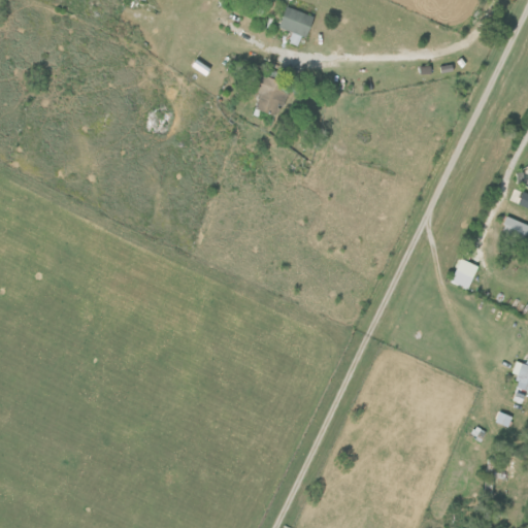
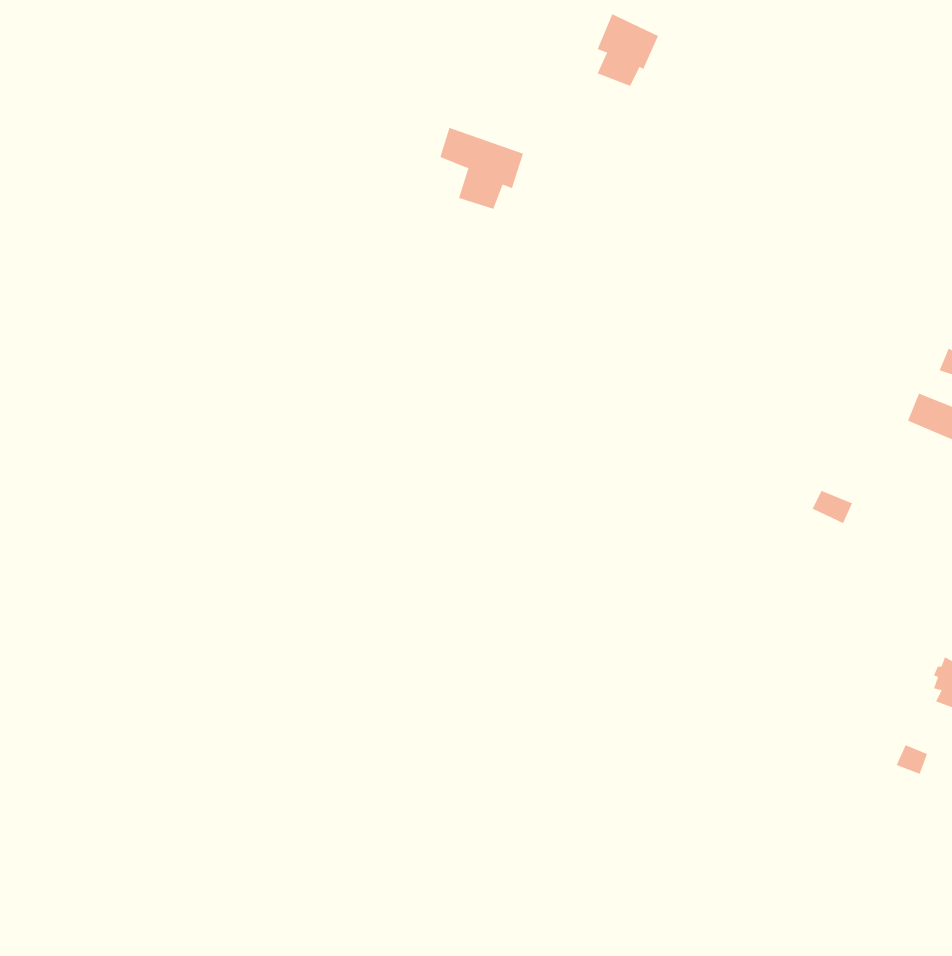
building: [280,6,315,46] -> [597,14,659,87]

